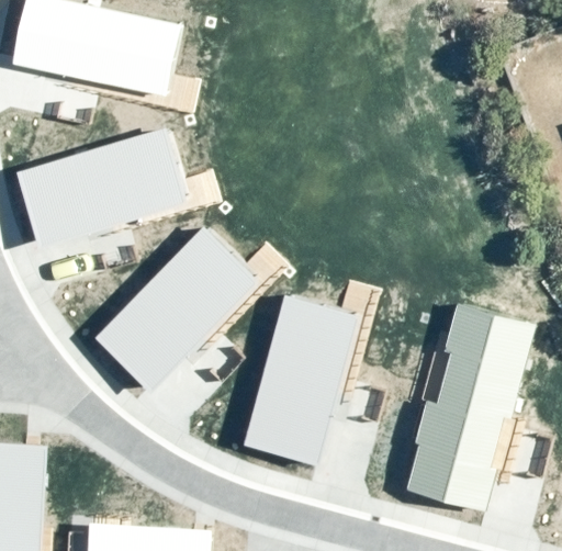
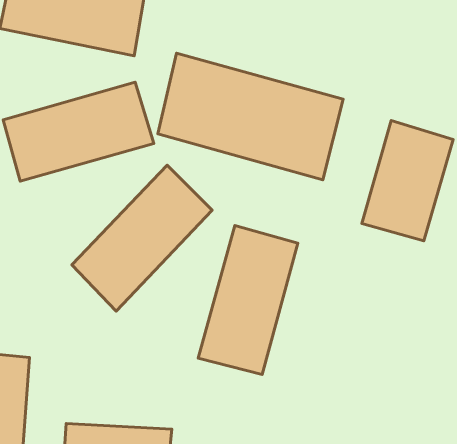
building: none -> [158,53,343,180]
building: none -> [362,120,453,241]
building: [407,303,535,511] -> none

